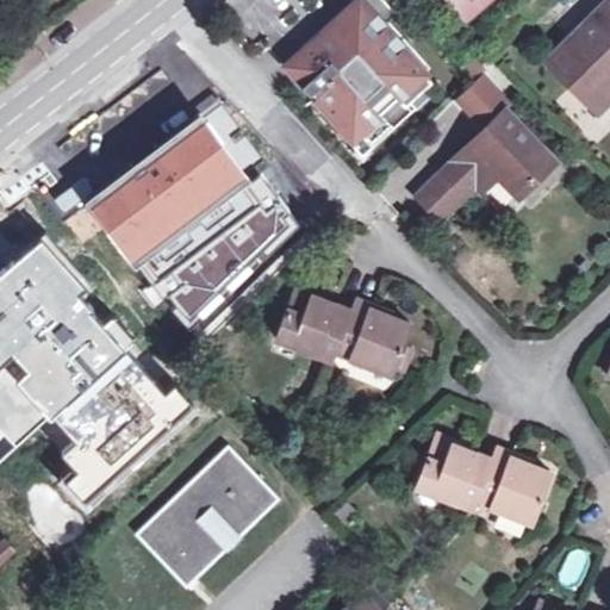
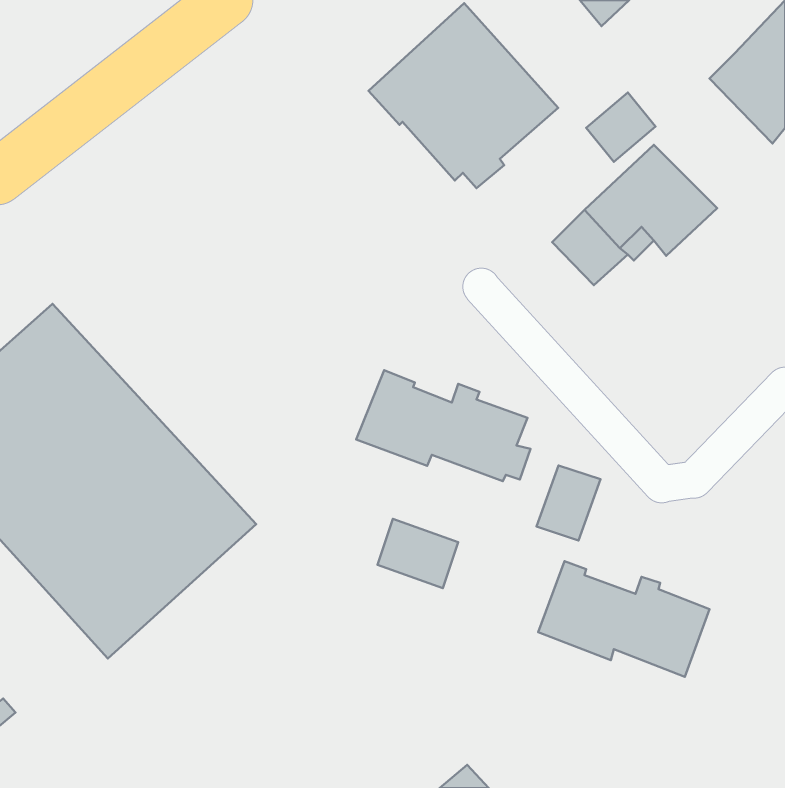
building: [73,99,301,342] -> none
building: none -> [537,465,600,540]
building: none -> [377,519,458,588]
building: [135,444,276,586] -> none

